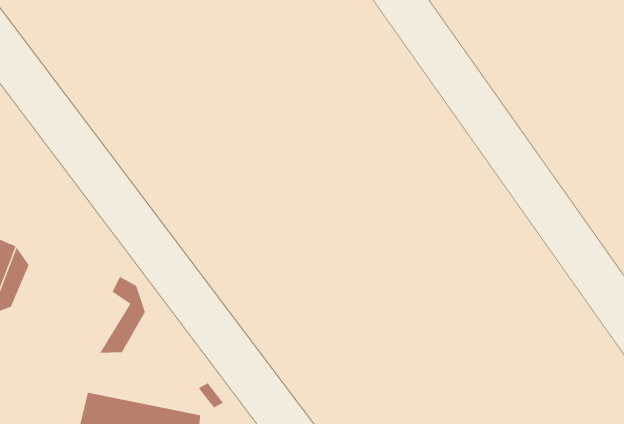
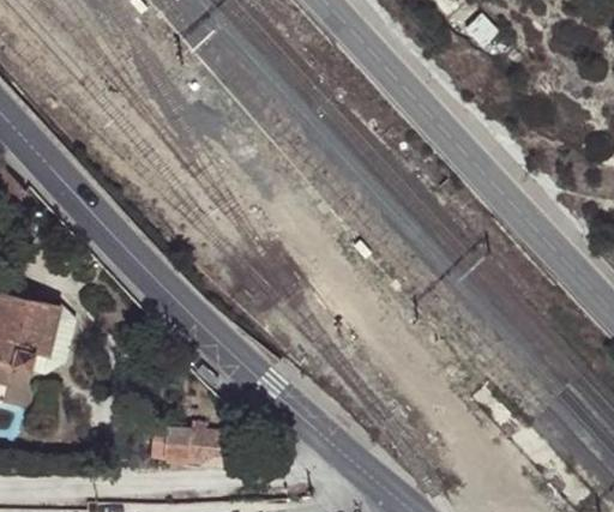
building: [99,276,145,354] -> none

